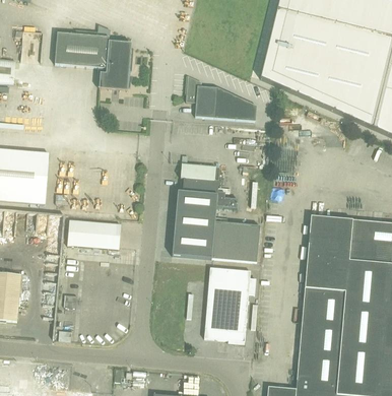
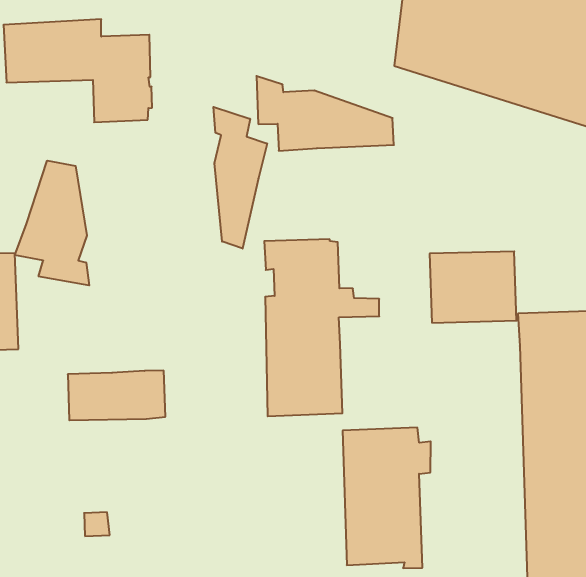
building: none -> [213,107,267,249]
building: none -> [15,161,89,285]
building: [211,221,259,262] -> [430,251,517,323]

